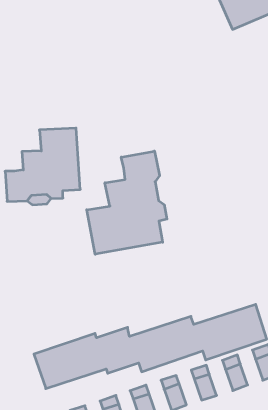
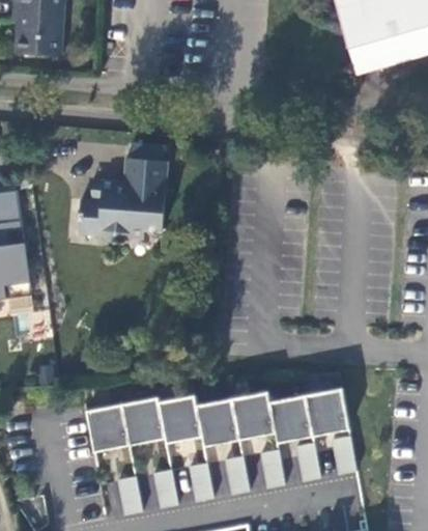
building: [87,151,167,254] -> none

